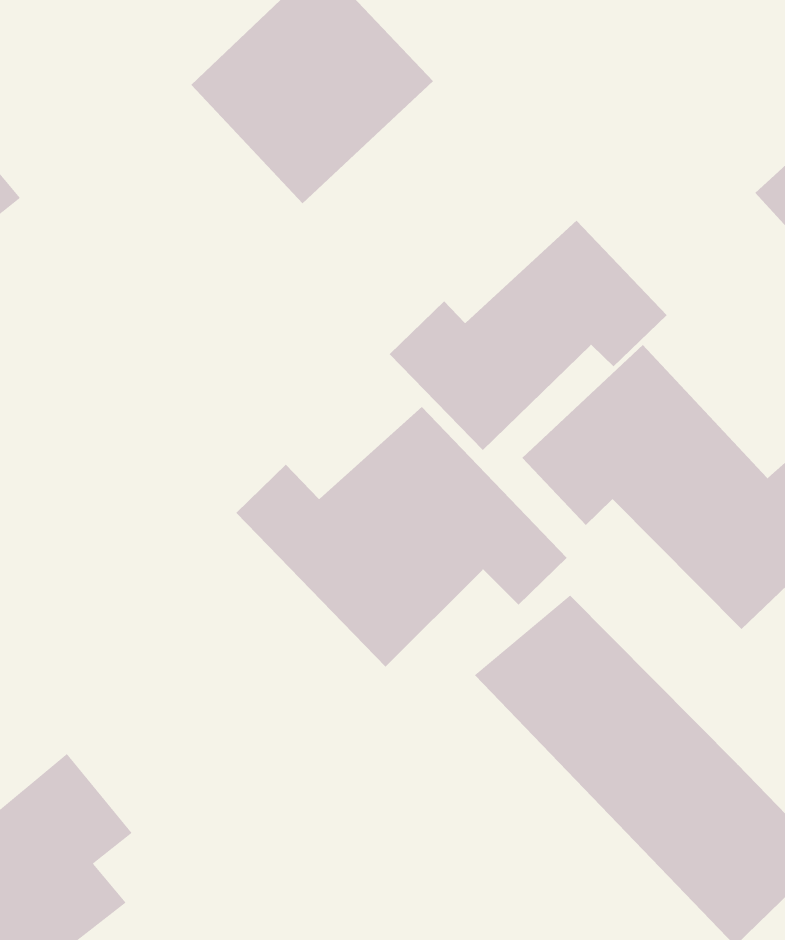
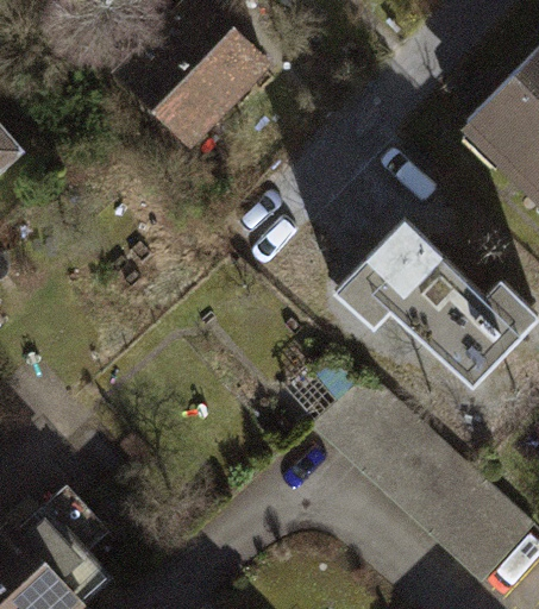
building: [389,220,667,451] -> none
building: [235,406,567,668] -> none

